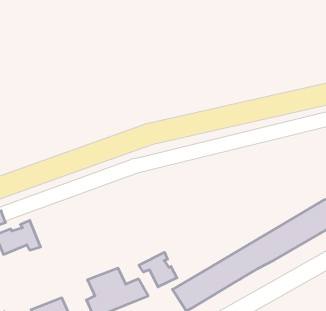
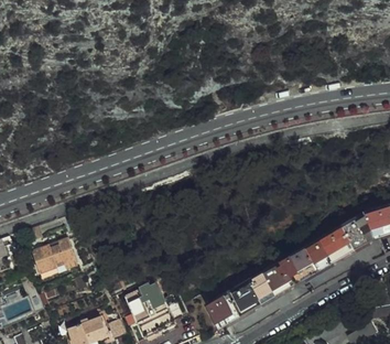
building: [139,252,177,287] -> none

